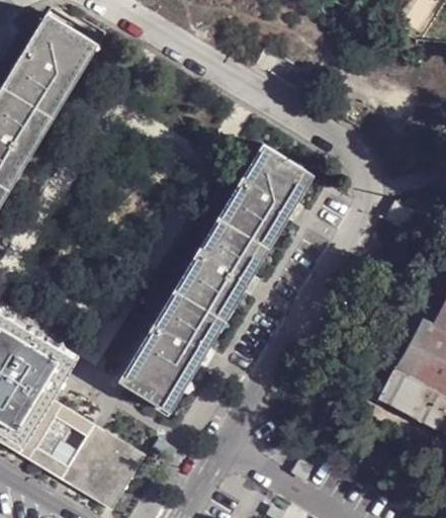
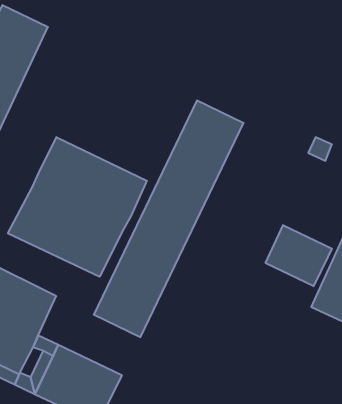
building: none -> [8,137,147,277]
building: none -> [266,225,332,286]

